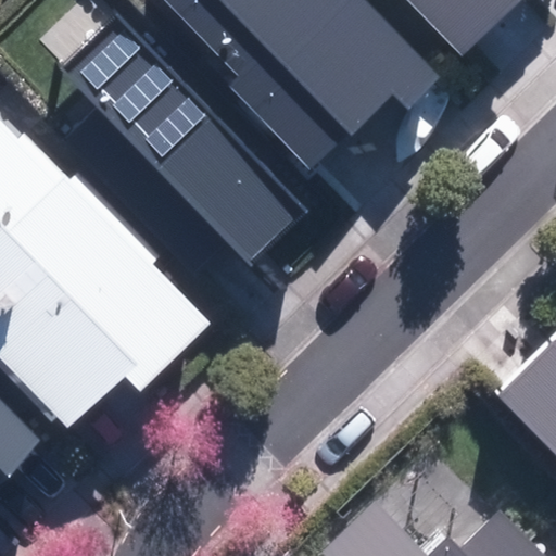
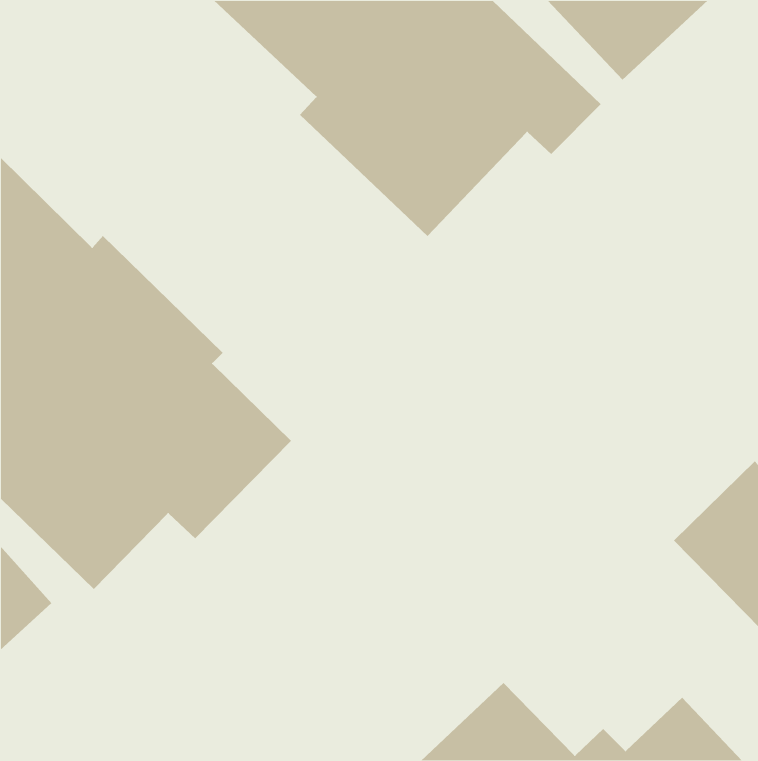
building: [60,13,303,264] -> none

